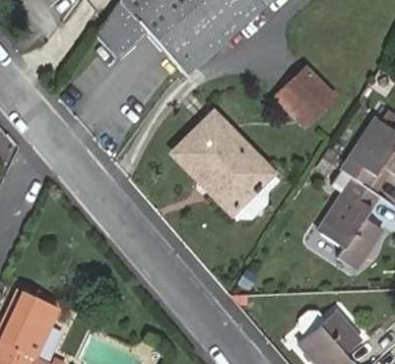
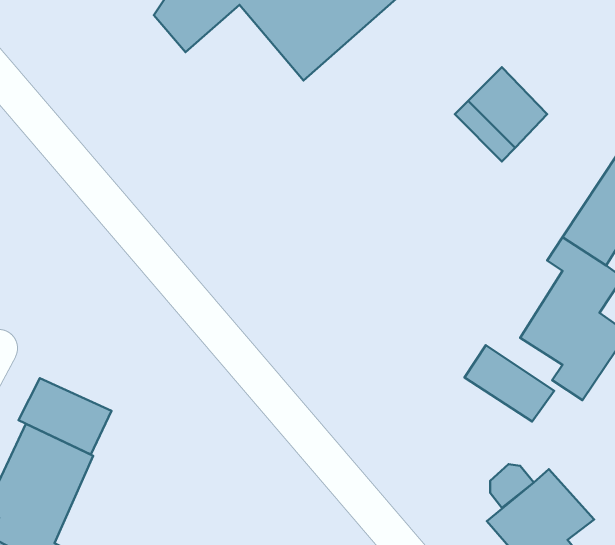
building: [175,114,273,207] -> none
building: none -> [464,345,554,421]
building: none -> [18,378,112,455]

